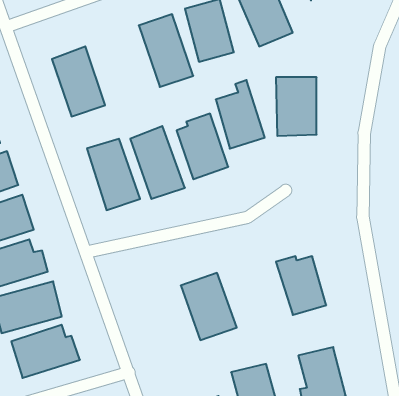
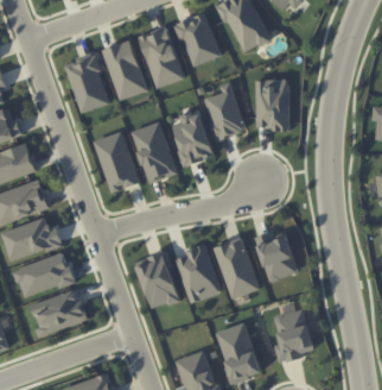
building: none -> [102,39,148,100]
building: none -> [215,238,260,298]
building: none -> [136,252,180,309]

